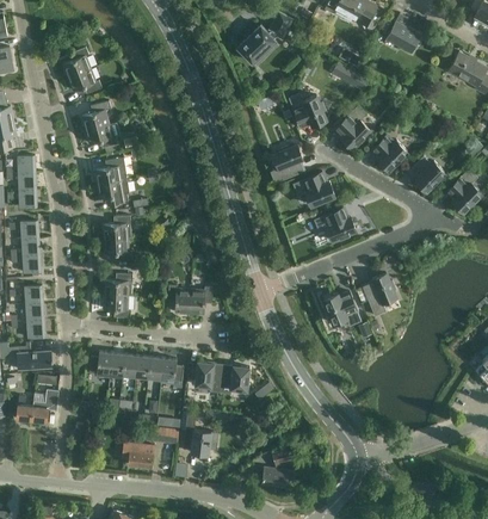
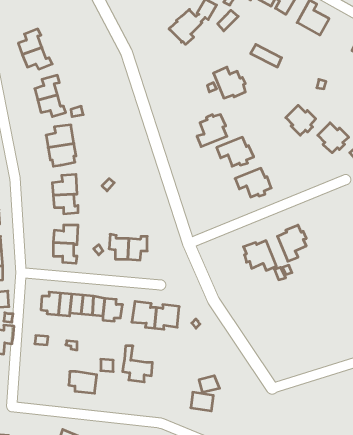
building: [334,105,369,149] -> none

